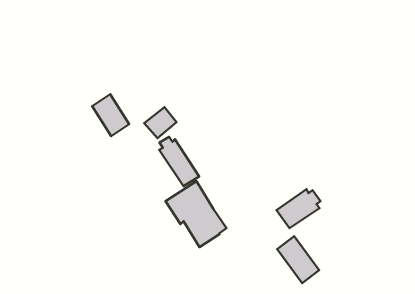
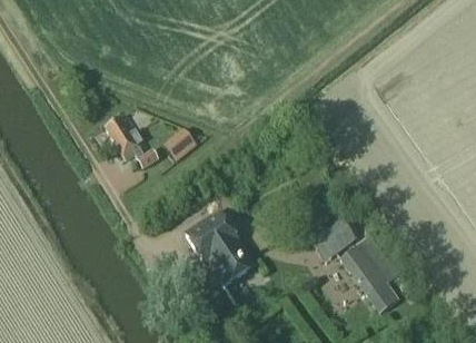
building: [159,137,199,186] -> none
building: [277,236,319,283] -> [341,244,388,296]

